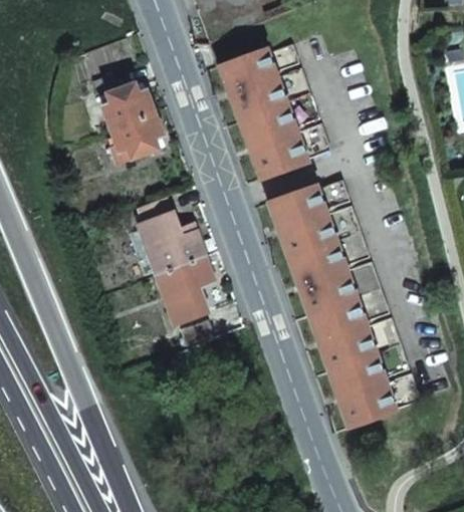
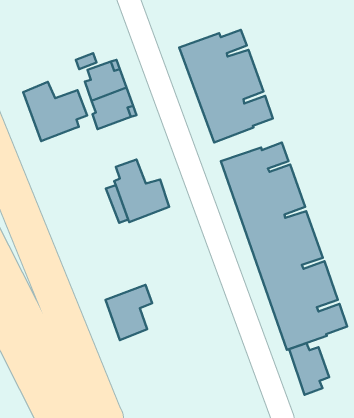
building: none -> [23,82,87,141]
building: [158,257,214,323] -> [106,285,152,340]
building: none -> [289,343,329,395]

